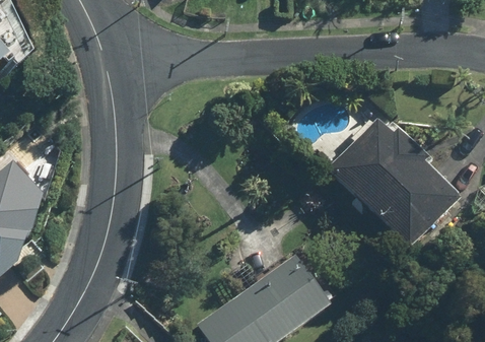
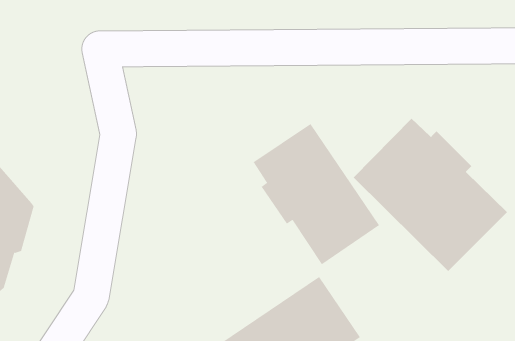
building: none -> [253,123,380,265]

